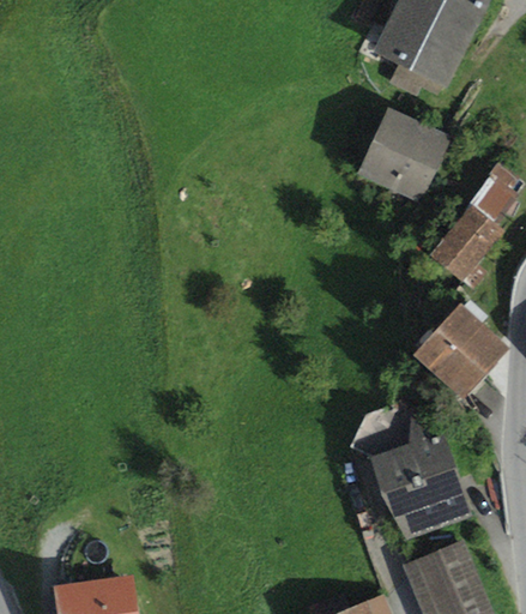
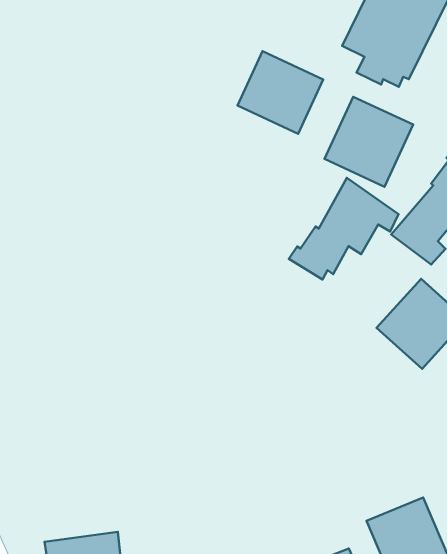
building: none -> [237,51,323,134]
building: none -> [289,178,399,279]
building: [350,401,472,541] -> none

